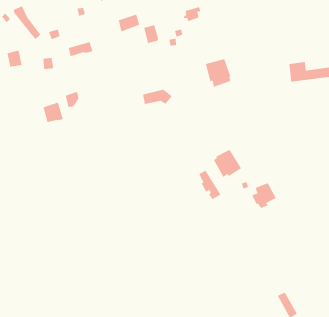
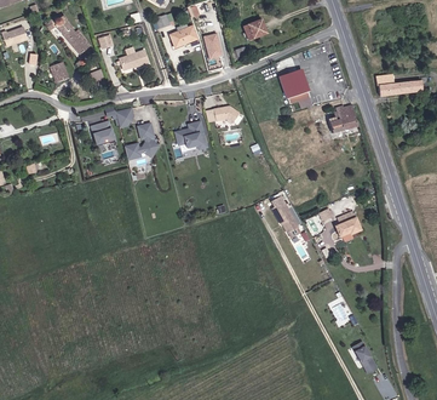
building: none -> [324,105,355,135]
building: none -> [172,120,208,150]
building: none -> [125,122,160,160]
building: [213,149,242,178] -> none

